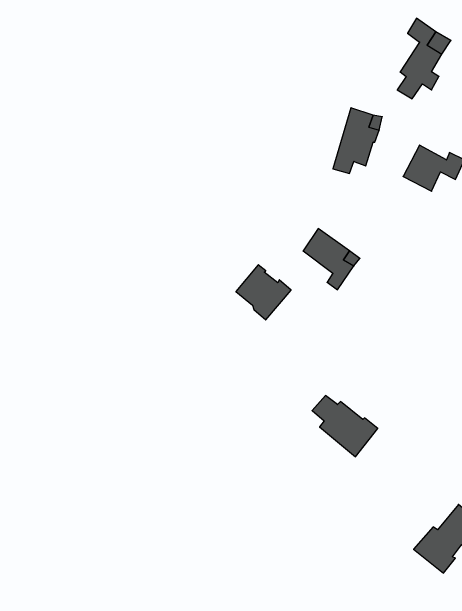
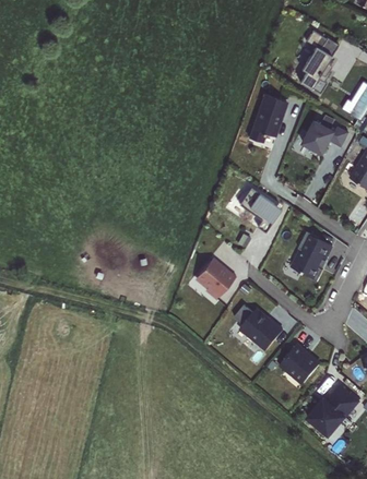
building: [236,265,291,320] -> [196,259,236,299]
building: none -> [294,231,331,278]
building: none -> [281,345,320,383]

